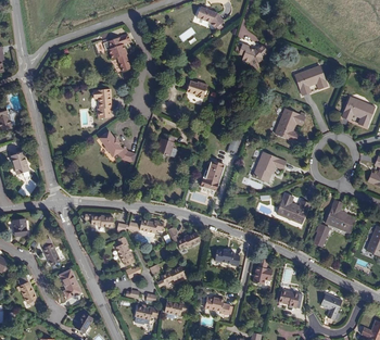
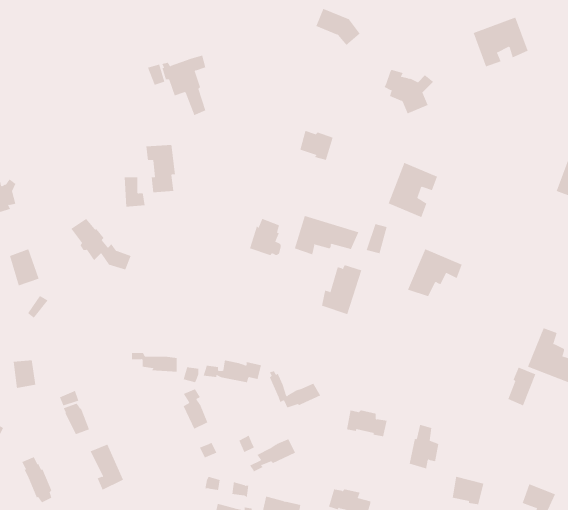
building: [293,64,327,95] -> [473,17,528,67]
building: [274,108,304,141] -> [388,162,438,218]
building: [98,130,135,162] -> [70,218,131,270]
building: none -> [294,215,359,255]
building: [275,192,309,224] -> none

